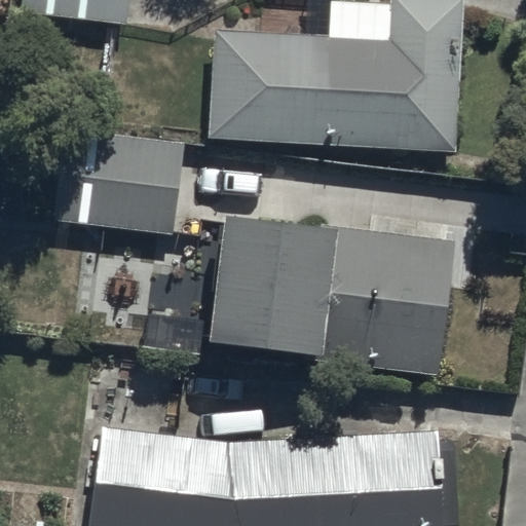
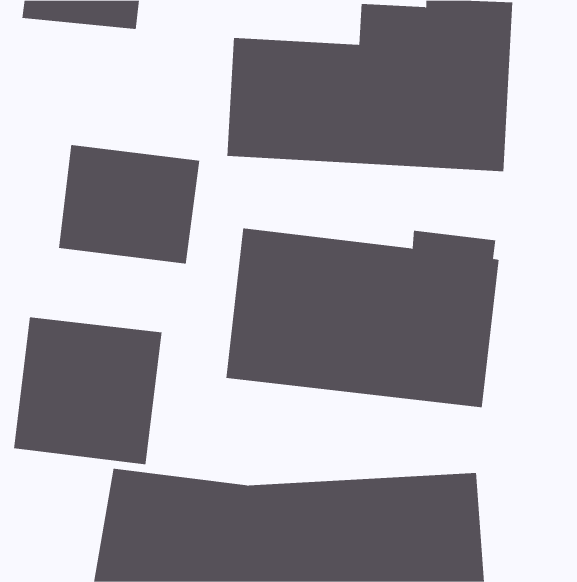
building: none -> [13,317,162,465]

